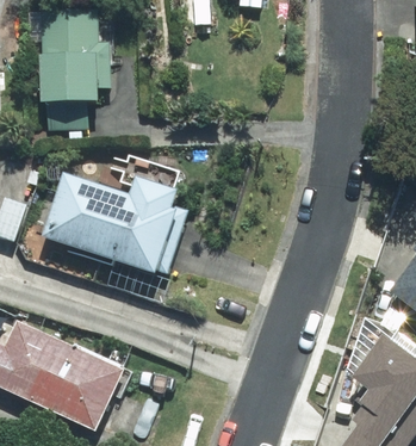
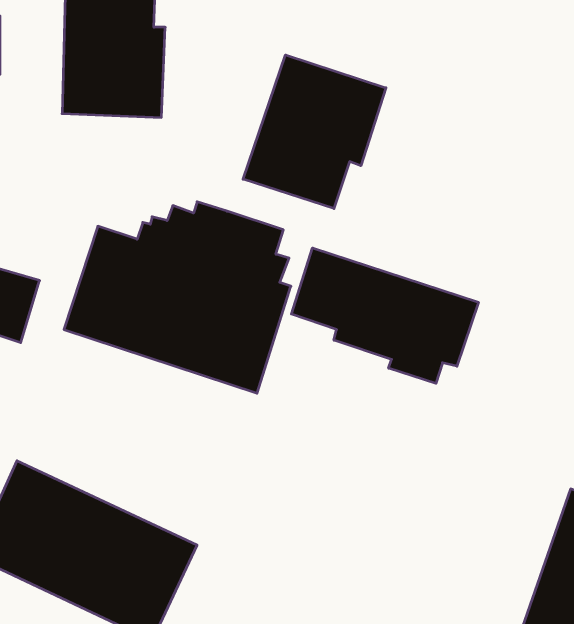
building: none -> [243,55,386,209]
building: none -> [291,248,478,383]

